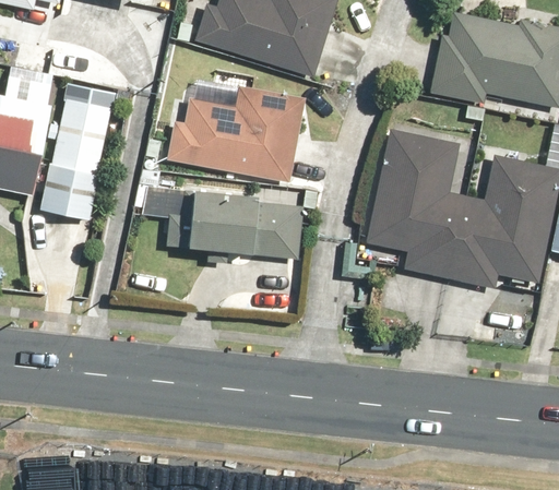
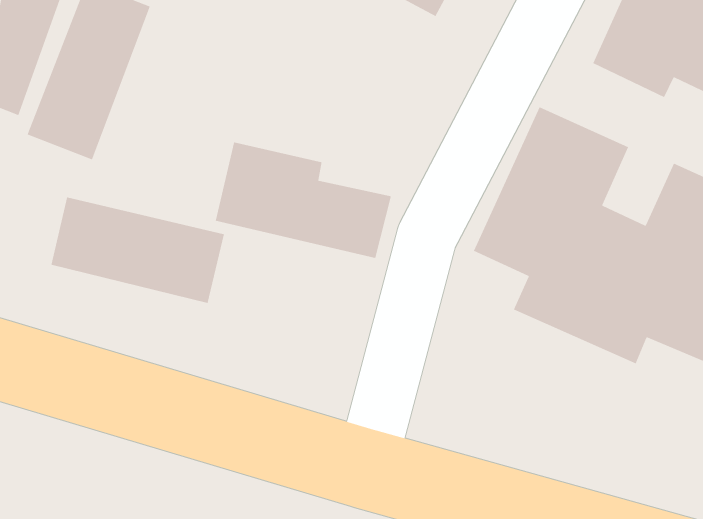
building: [166,84,307,183] -> none
building: none -> [51,197,225,304]

